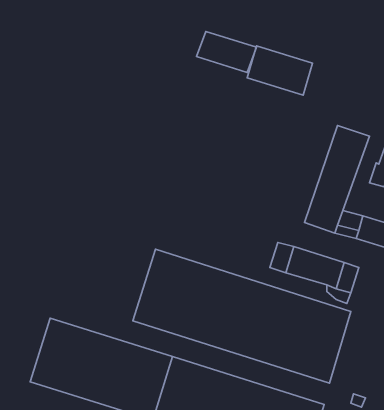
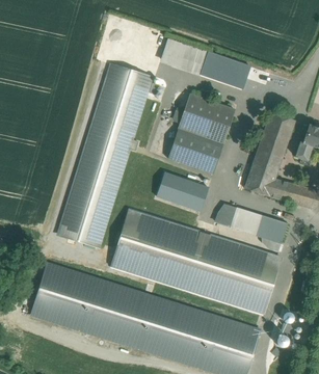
building: none -> [59,63,151,246]
building: none -> [167,94,235,173]
building: none -> [167,181,212,211]

